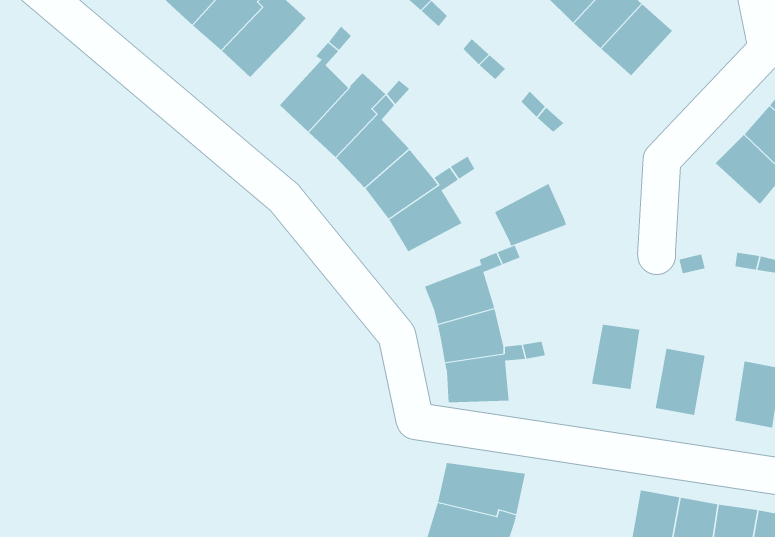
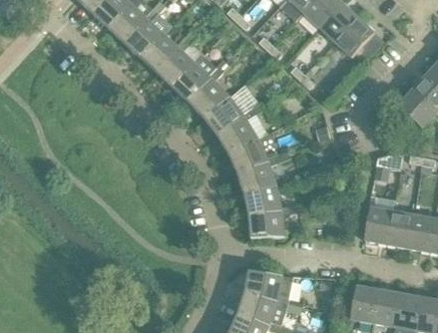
building: none -> [140,34,179,73]
building: [494,183,567,247] -> [228,138,268,174]
building: [591,324,640,389] -> [386,212,413,248]

